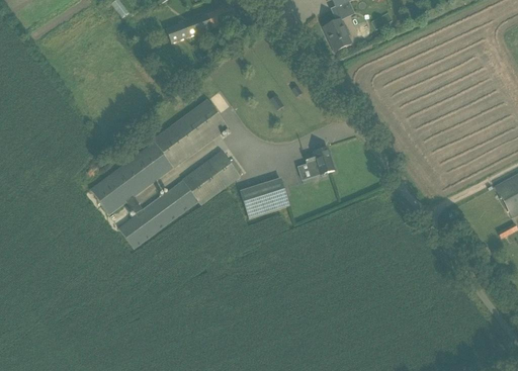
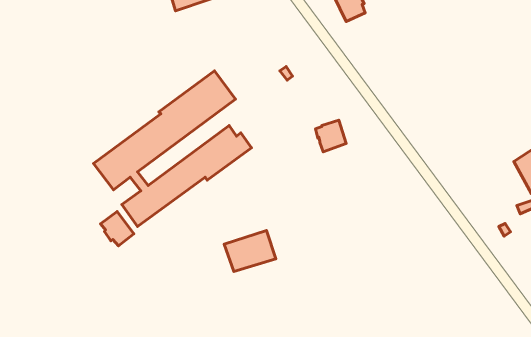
building: [240,178,289,217] -> [224,230,276,271]
building: none -> [101,211,134,246]

